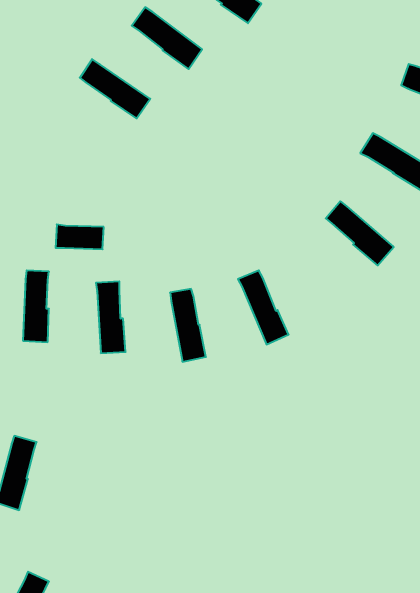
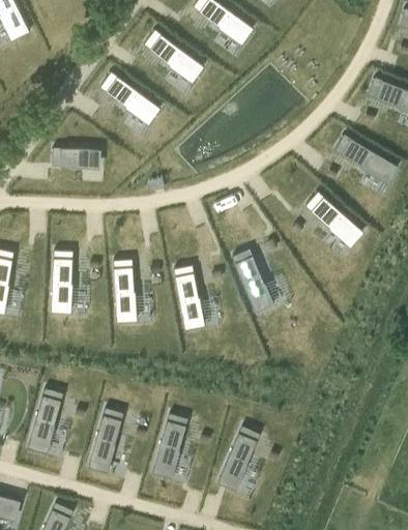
building: [56,224,104,249] -> [52,148,92,169]
building: none -> [89,409,124,471]
building: none -> [153,415,187,477]
building: none -> [218,426,260,489]

